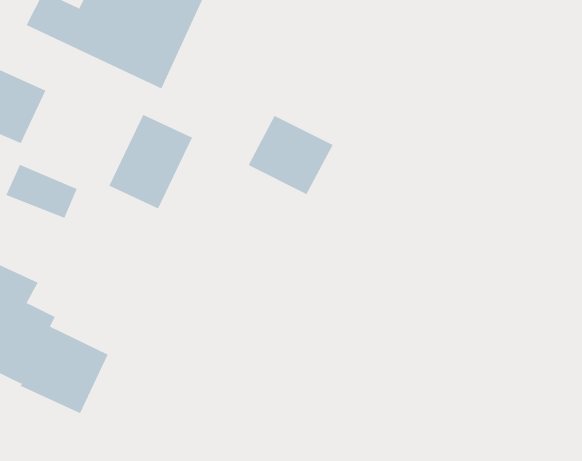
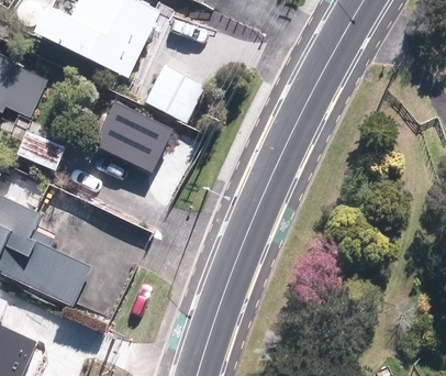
building: [248,115,334,195] -> [145,64,205,120]

